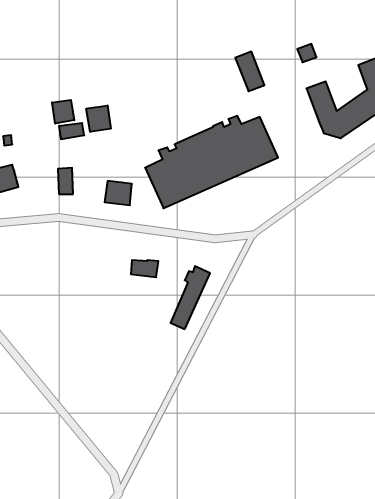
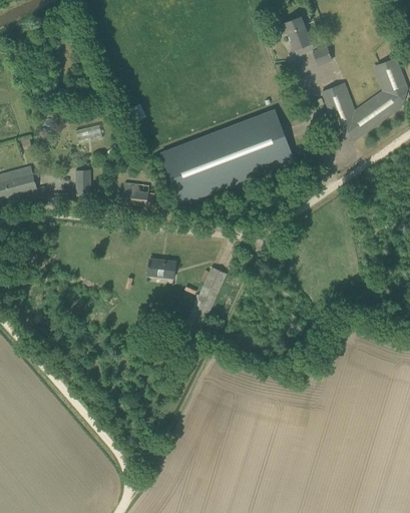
building: [235,52,265,91] -> [284,15,313,54]
building: [52,100,74,124] -> none
building: [86,105,111,132] -> none

